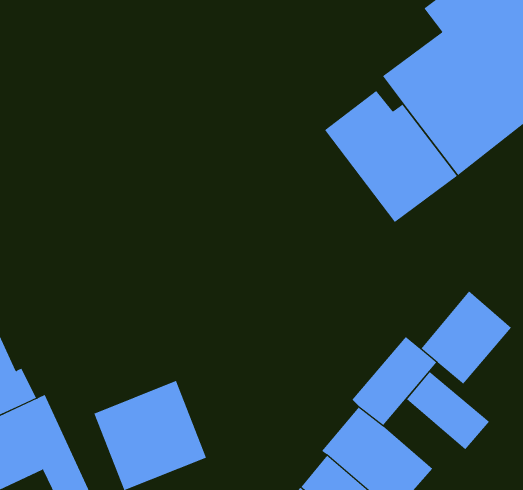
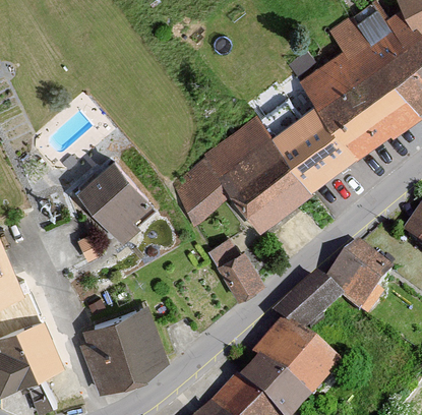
building: none -> [165,123,305,231]
building: none -> [77,162,153,238]
building: none -> [212,243,265,304]
building: [406,371,490,450] -> none

